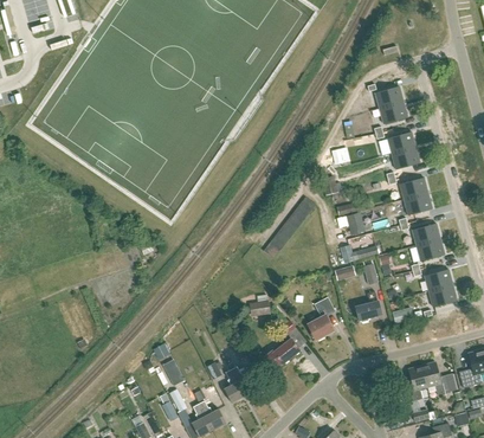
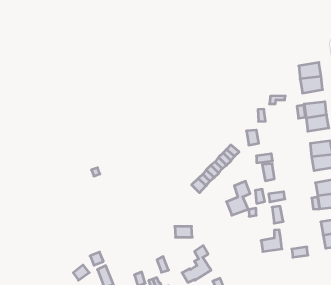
building: [308,297,335,340] -> [226,181,250,215]

